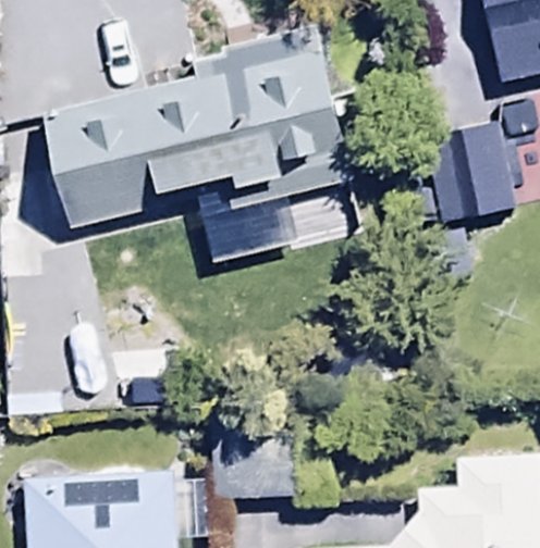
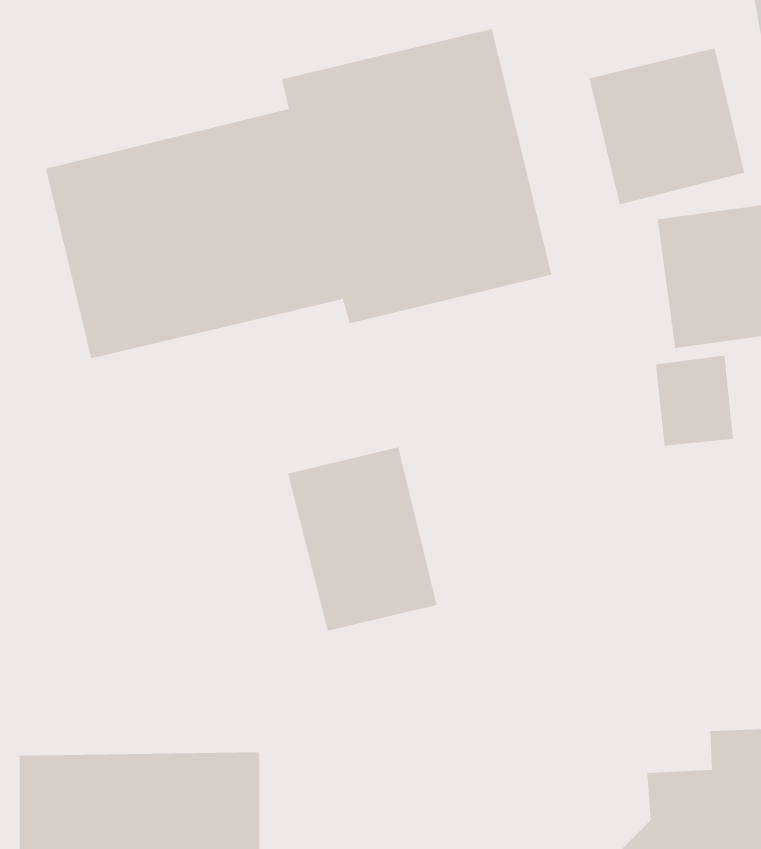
building: none -> [589,48,745,205]
building: none -> [288,446,437,631]

